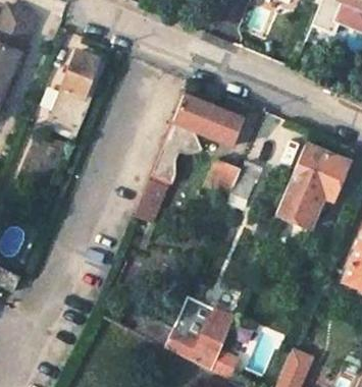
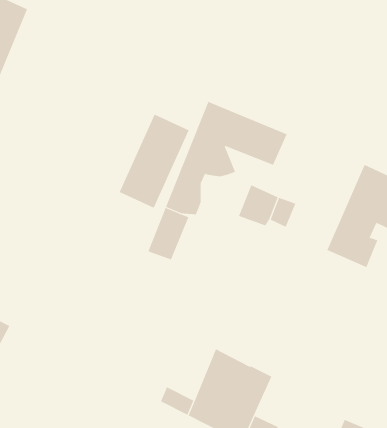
building: [51,47,108,123] -> [119,114,189,209]

